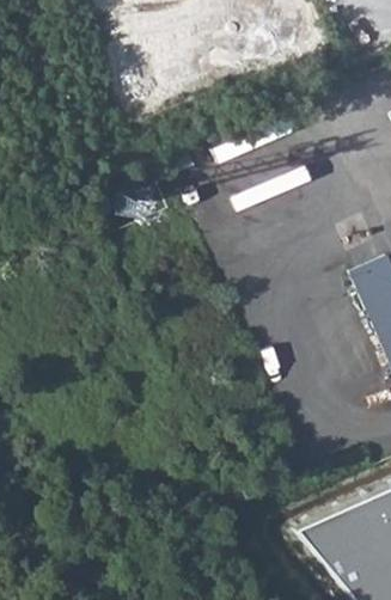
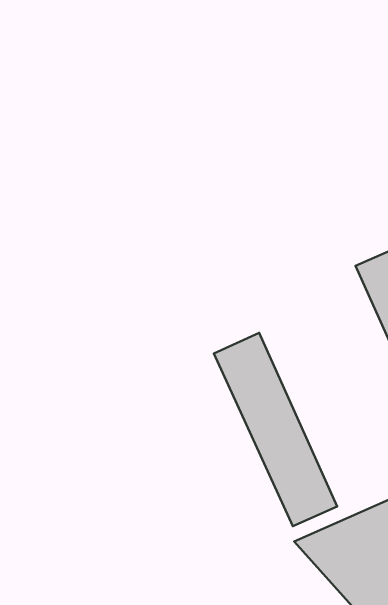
building: none -> [214,333,337,526]

